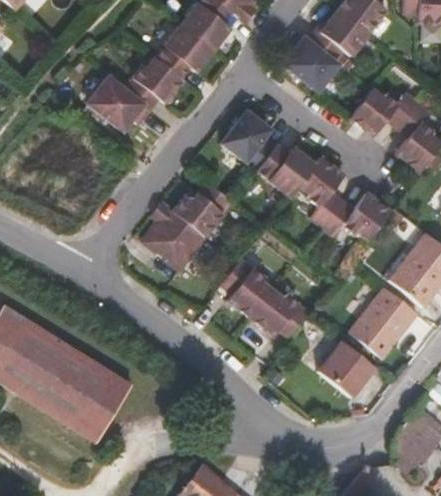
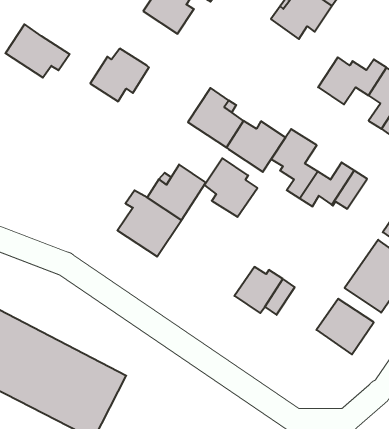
building: [156,27,214,81] -> none
building: [281,36,337,96] -> none
building: [87,81,150,135] -> [5,24,70,78]
building: [219,256,271,315] -> [204,158,257,217]

